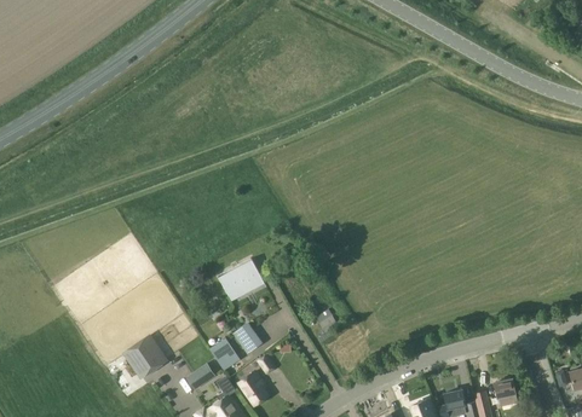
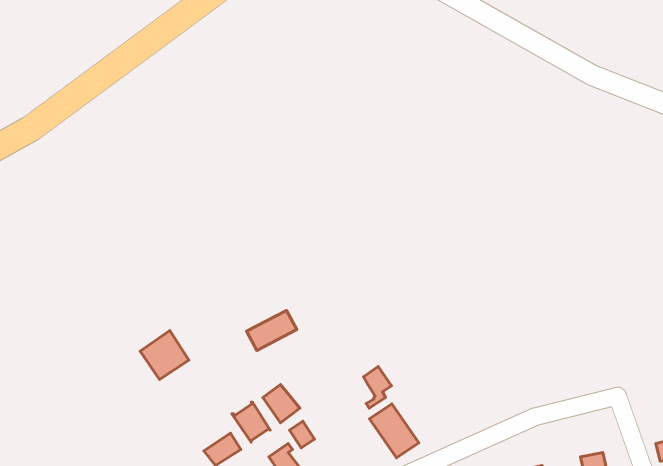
building: [125,336,165,376] -> [140,331,189,379]
building: none -> [369,404,419,458]

